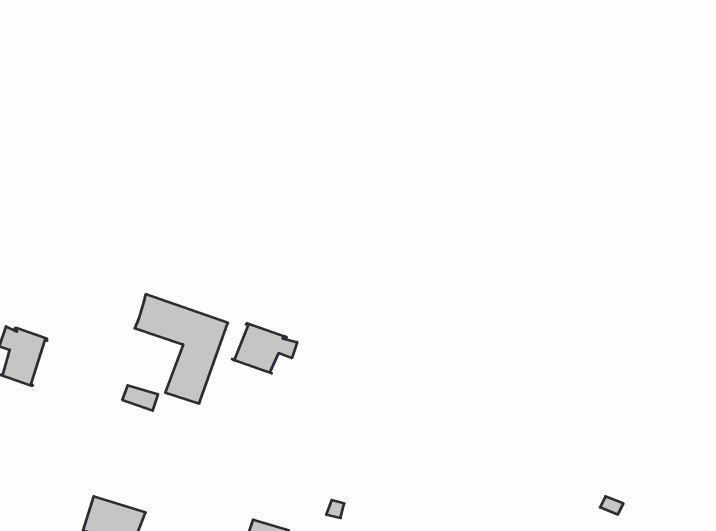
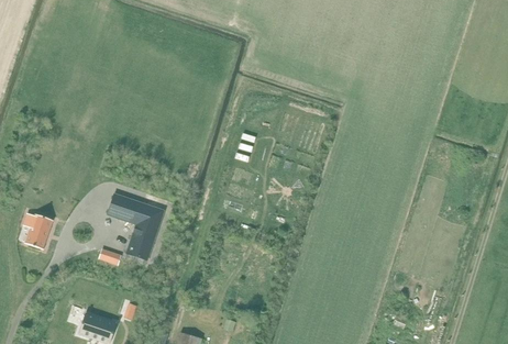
building: [232,323,297,373] -> none

